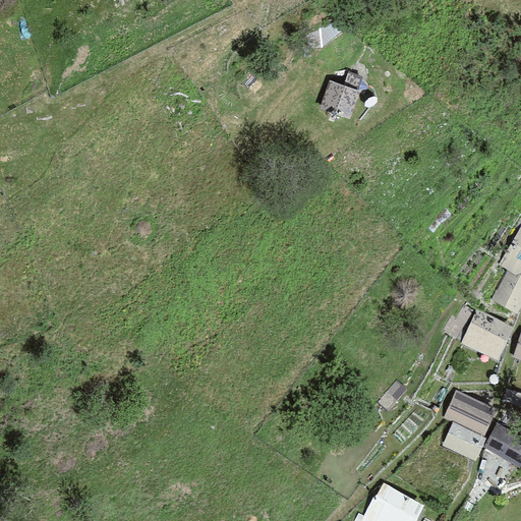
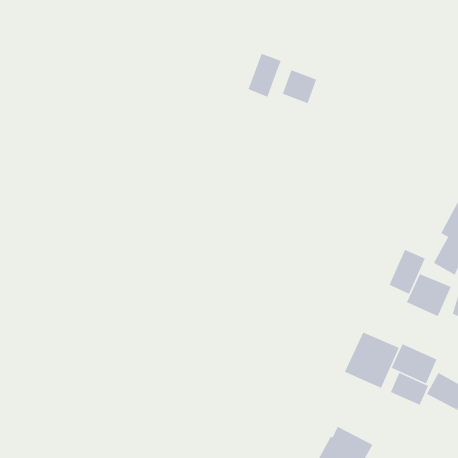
building: none -> [248,53,282,98]
building: none -> [389,249,426,295]
building: none -> [344,332,400,389]

